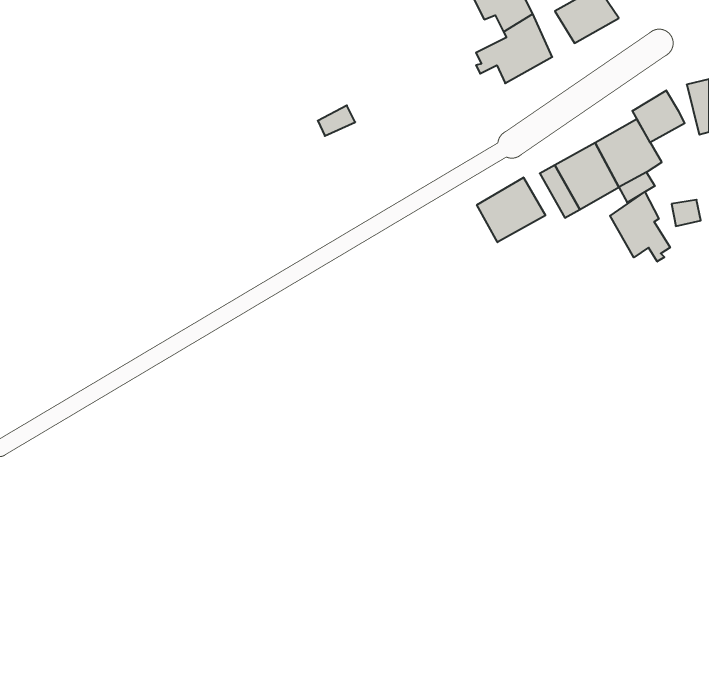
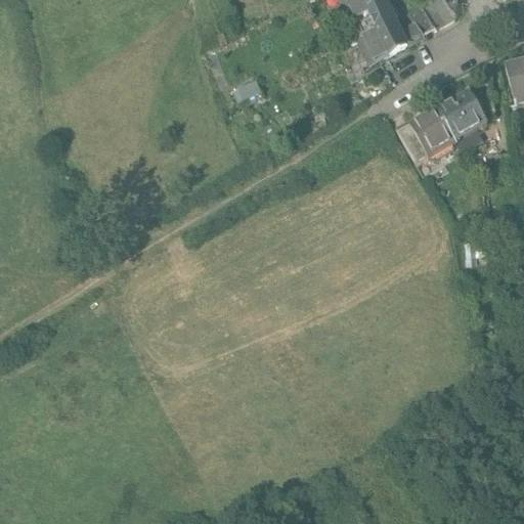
building: [632,90,685,142] -> none
building: [477,177,545,242] -> none
building: [610,192,670,262] -> none

